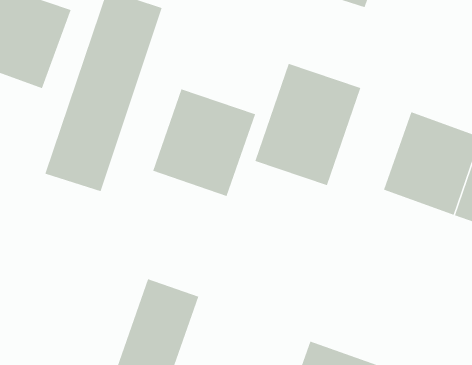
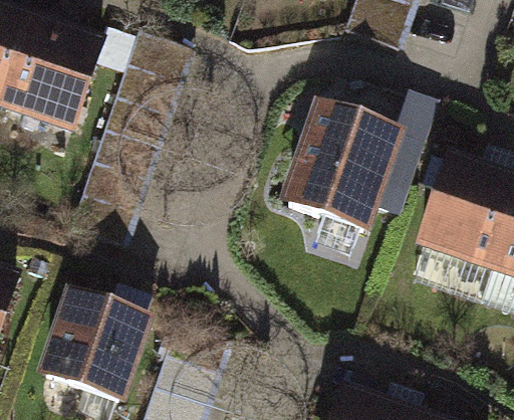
building: [152,88,256,197] -> none
building: none -> [47,297,146,397]

